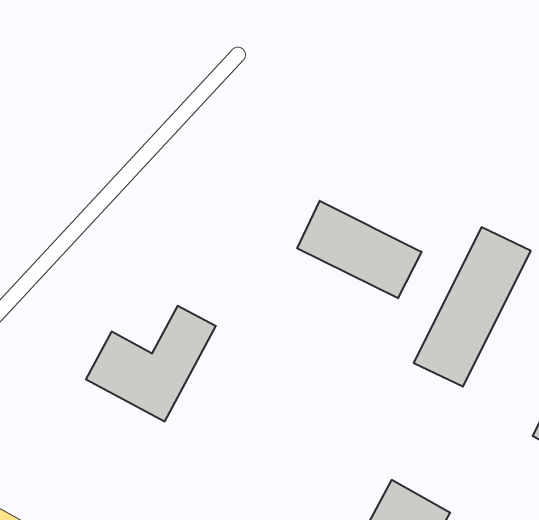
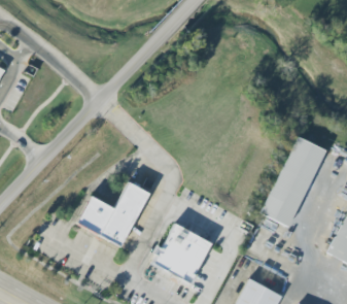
building: [297,201,422,298] -> none
building: none -> [154,224,212,283]

